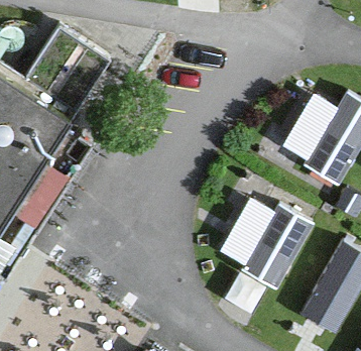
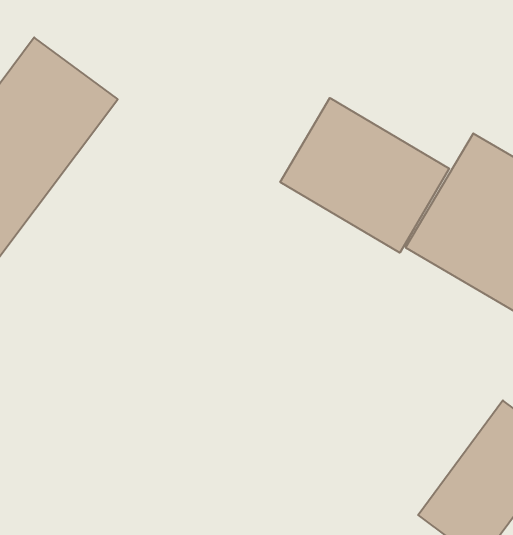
building: none -> [280,98,449,253]
building: [218,187,315,284] -> none

